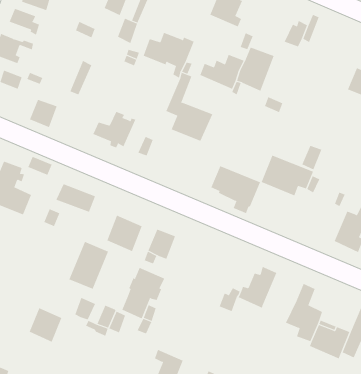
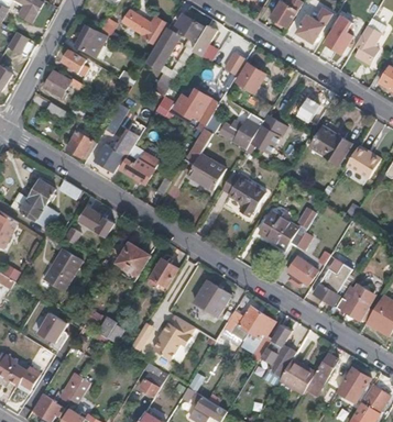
building: none -> [309,124,351,163]
building: none -> [92,131,138,173]
building: [211,165,261,214] -> [221,171,265,216]
building: none -> [286,255,318,285]
building: [69,241,109,290] -> [43,247,81,290]
building: none -> [194,280,230,315]
building: [122,267,165,319] -> [151,314,193,359]
building: none -> [239,312,275,362]

